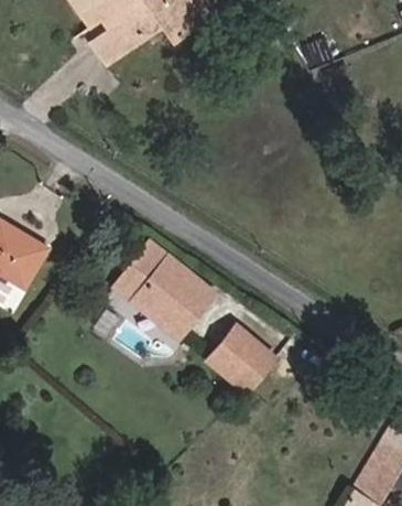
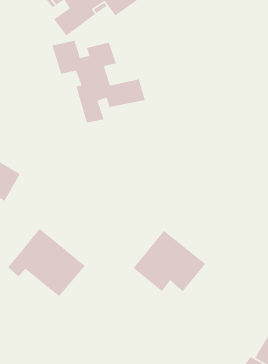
building: none -> [51,40,146,123]
building: [109,244,214,336] -> [7,228,86,297]

